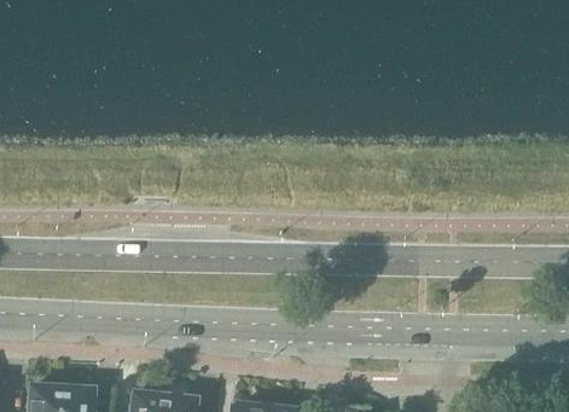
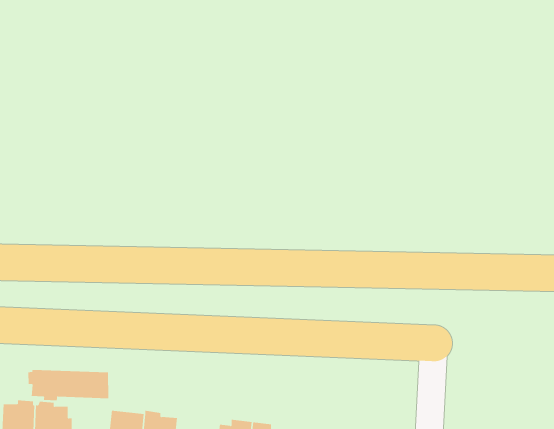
building: none -> [28,369,109,401]

